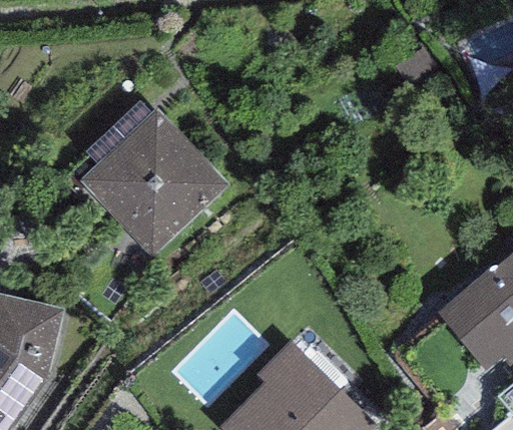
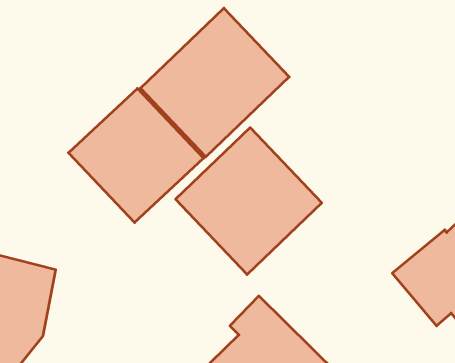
building: none -> [140,8,289,157]
building: none -> [176,128,322,275]

